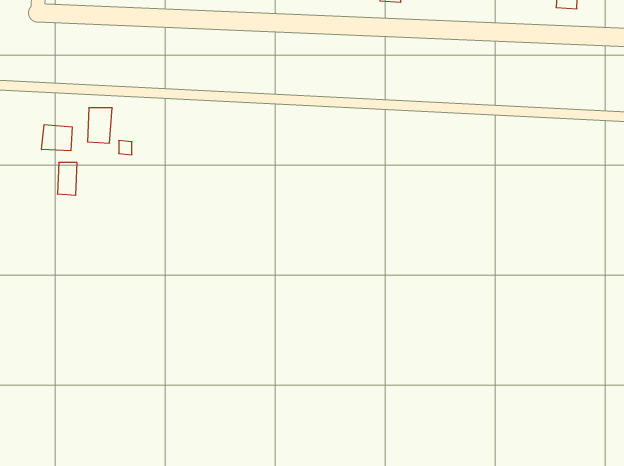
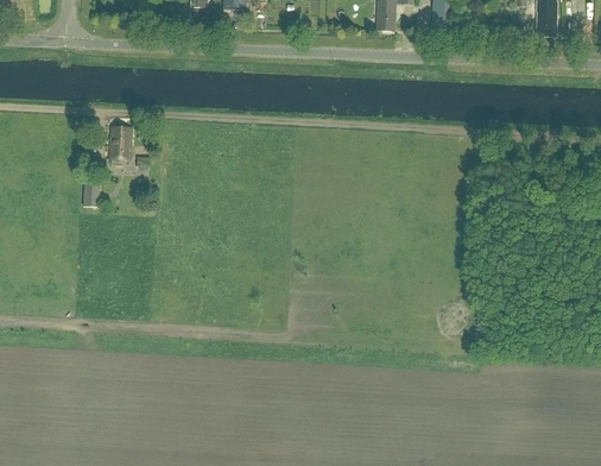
building: [42,125,72,151] -> none

